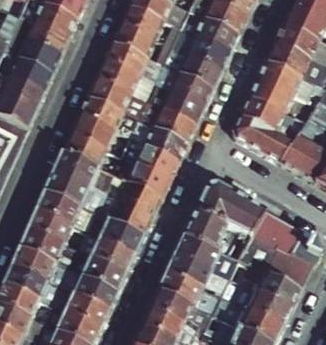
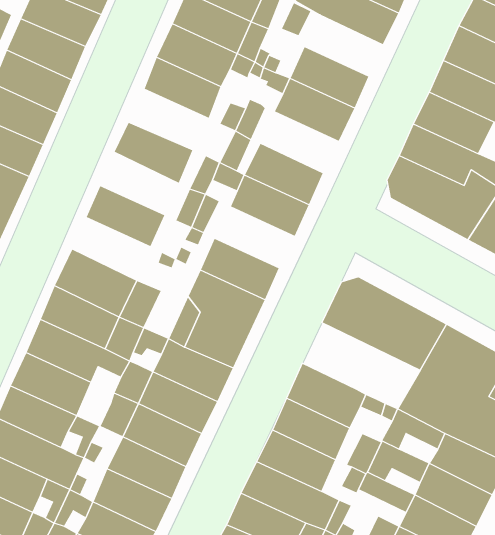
building: [186,34,231,69] -> none
building: [86,76,132,111] -> none
building: [161,89,206,124] -> none
building: [70,112,115,148] -> none
building: [135,143,181,178] -> none
building: [54,149,99,185] -> none
building: [185,209,227,247] -> none

